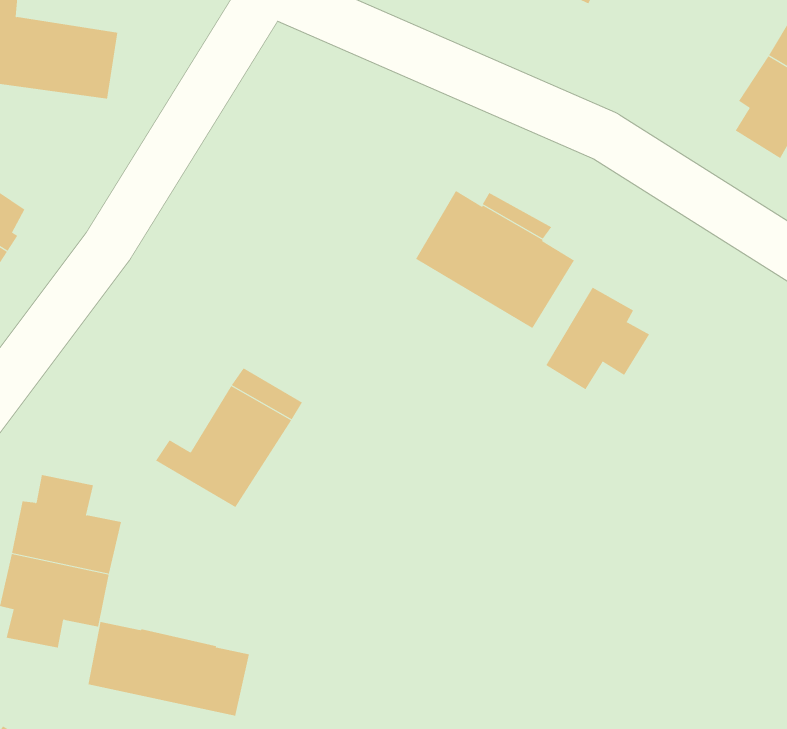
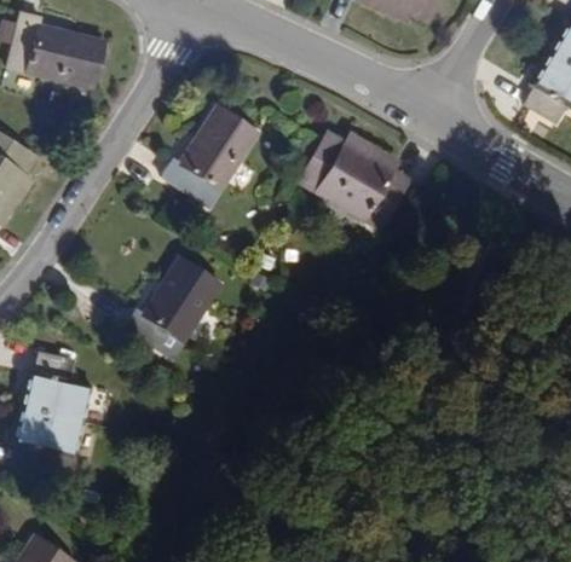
building: none -> [161,111,260,212]
building: [545,287,650,390] -> none
building: [88,621,250,717] -> none

